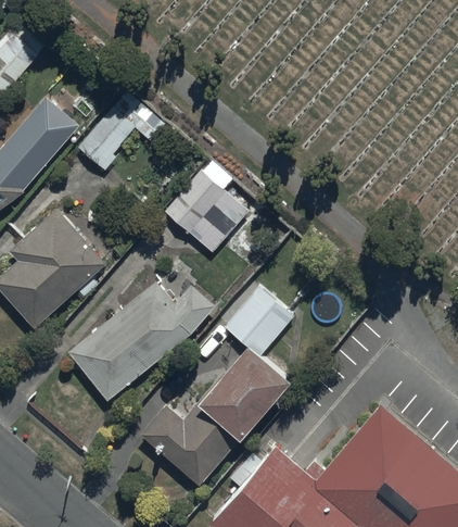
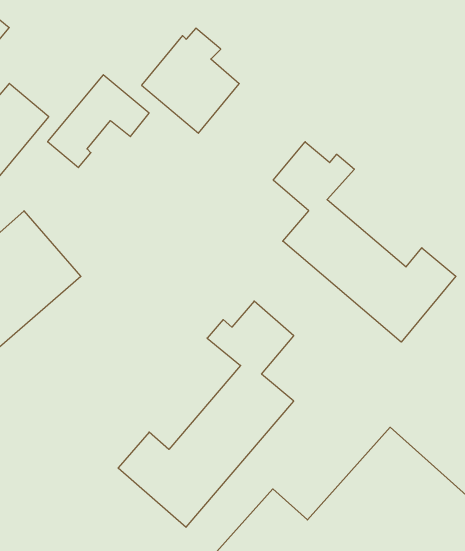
building: none -> [273,142,456,342]
building: [163,162,249,254] -> [142,28,239,133]
building: [67,281,215,402] -> none

